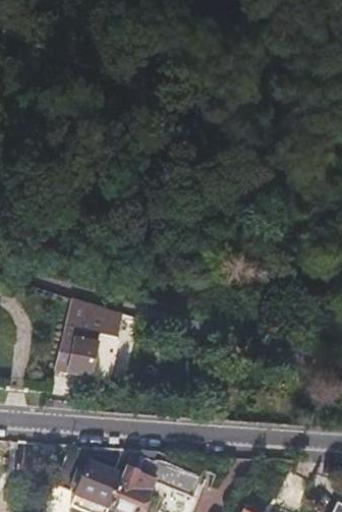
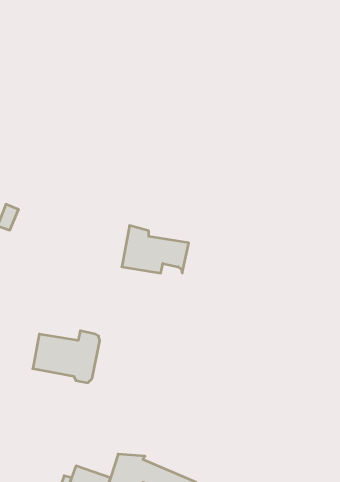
building: [54,298,117,343] -> [122,226,189,273]

